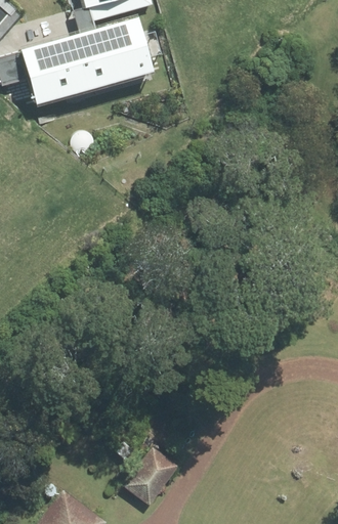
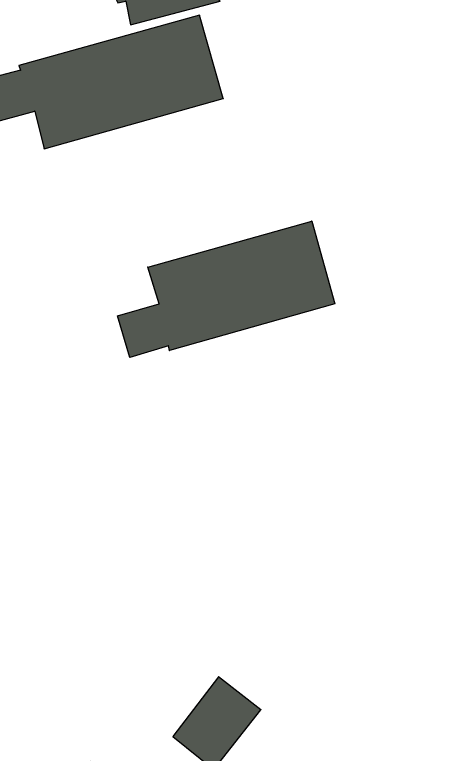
building: none -> [117,221,335,357]

